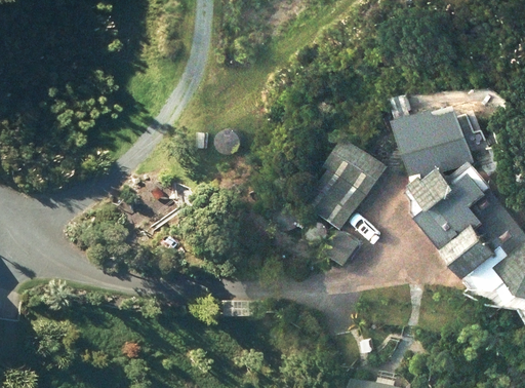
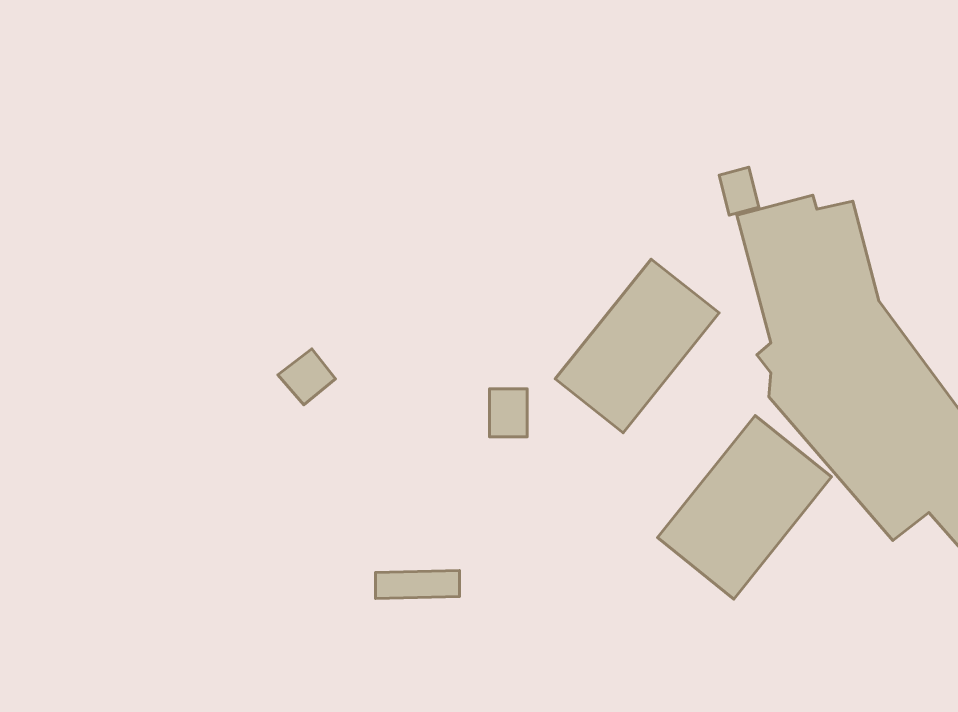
building: none -> [657,415,831,599]

